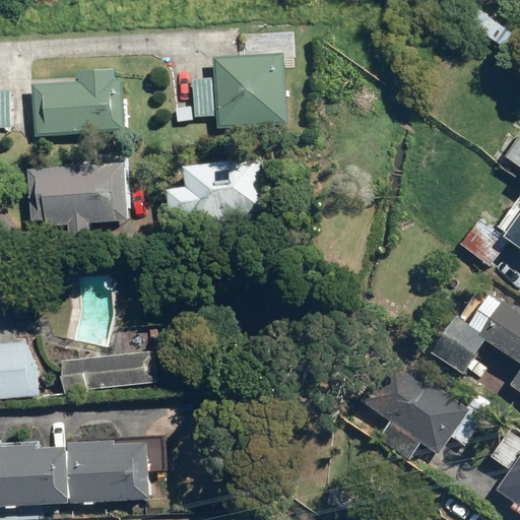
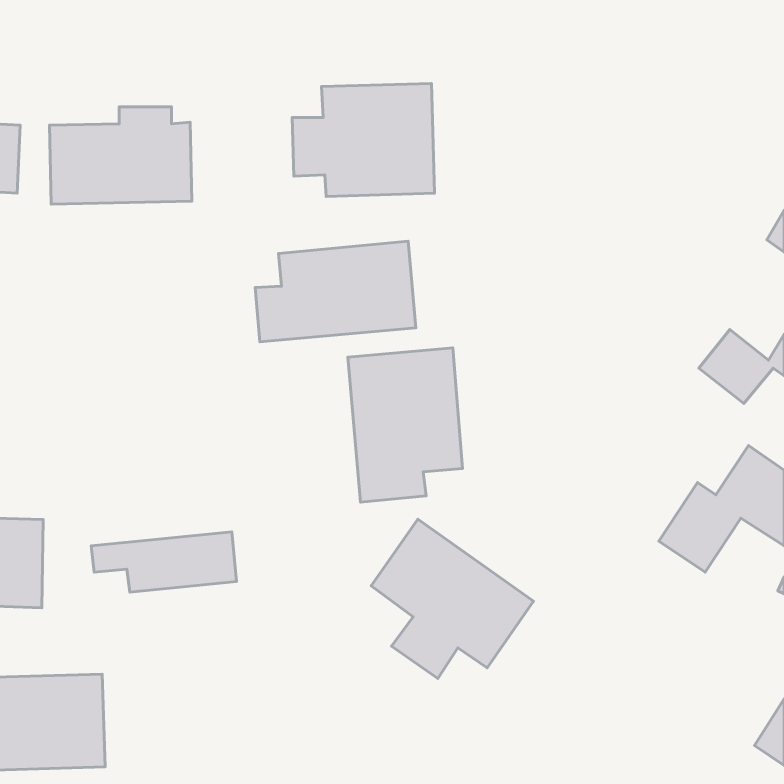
building: [28,154,130,238] -> none
building: none -> [348,348,463,502]
building: [363,356,469,461] -> [371,519,534,679]
building: [67,441,149,504] -> none

